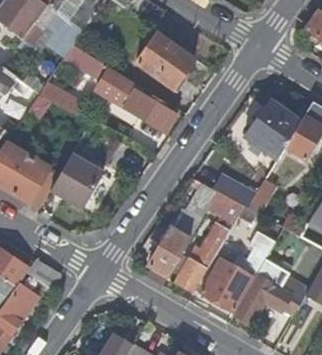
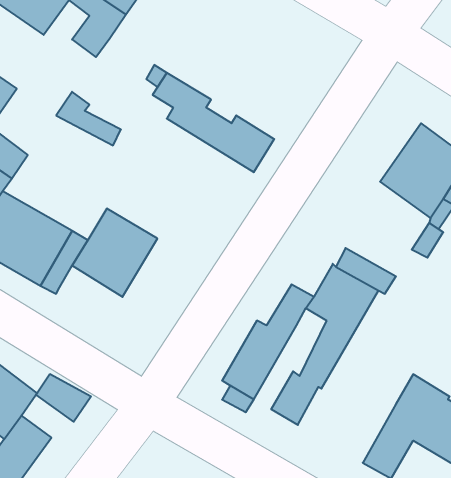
building: [136,32,194,88] -> none
building: [201,248,268,311] -> none

